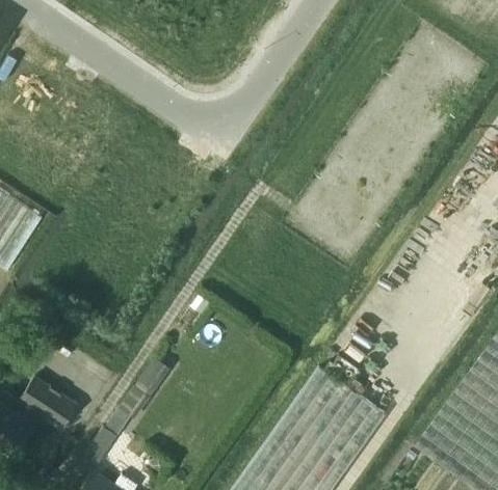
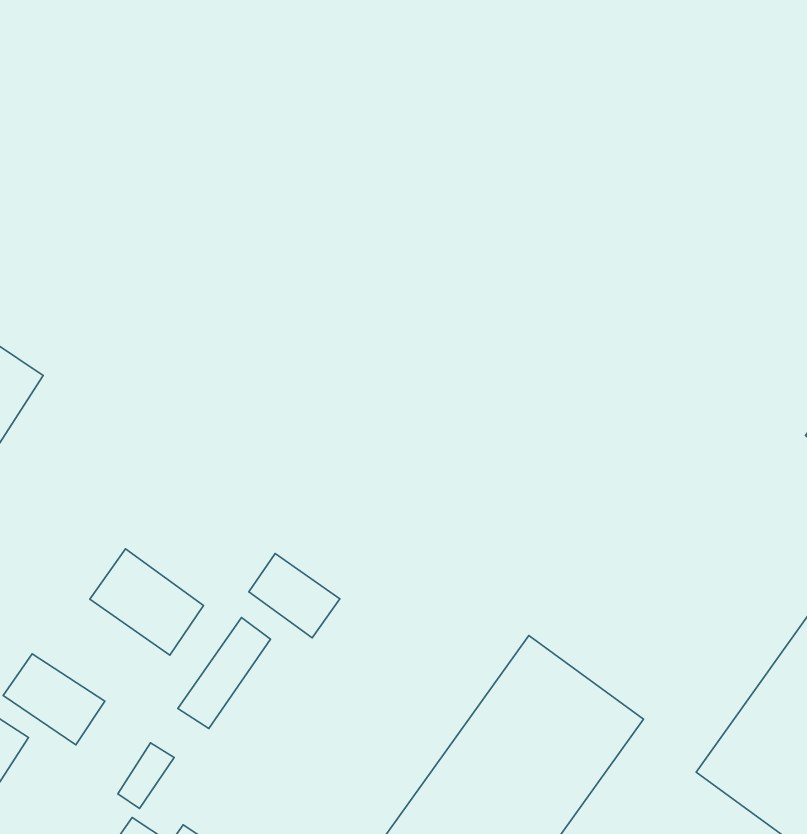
building: none -> [90,549,204,655]
building: none -> [249,554,340,638]

